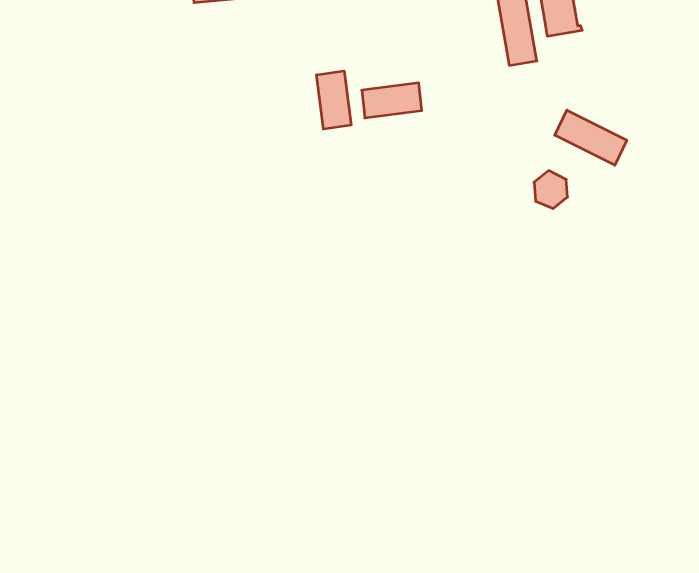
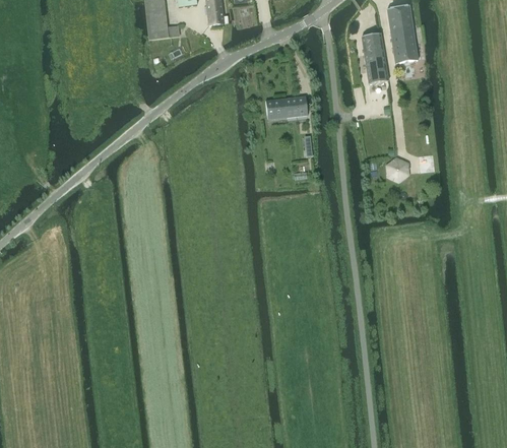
building: [316,71,351,129] -> none
building: [555,110,627,165] -> none

